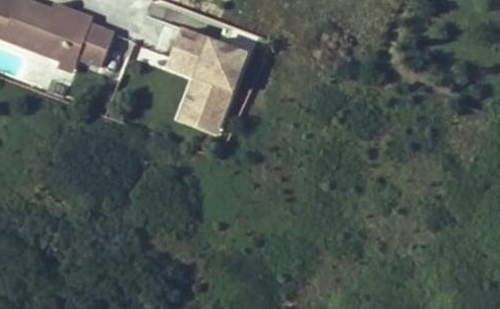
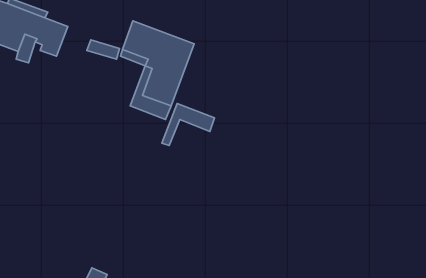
building: none -> [162,104,214,146]

